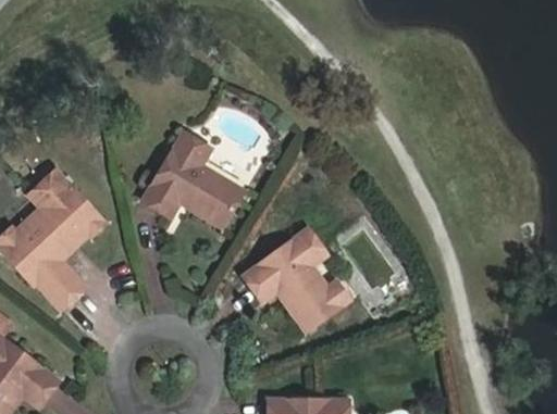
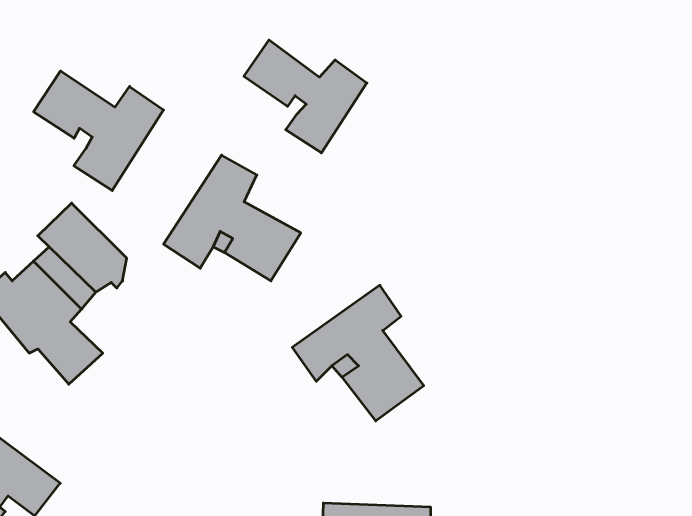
building: none -> [244,40,367,153]
building: none -> [34,71,164,191]

